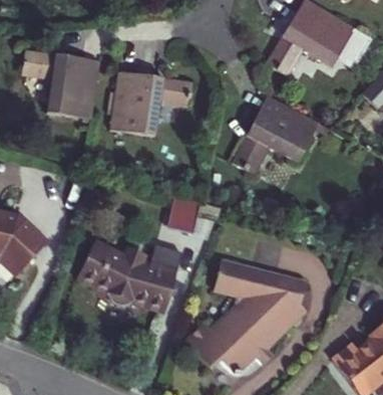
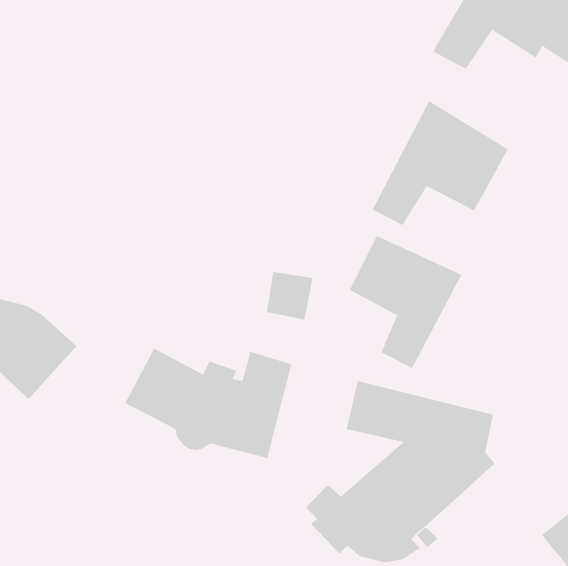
building: [18,45,100,119] -> none
building: [107,69,192,134] -> none
building: none -> [349,235,462,369]

